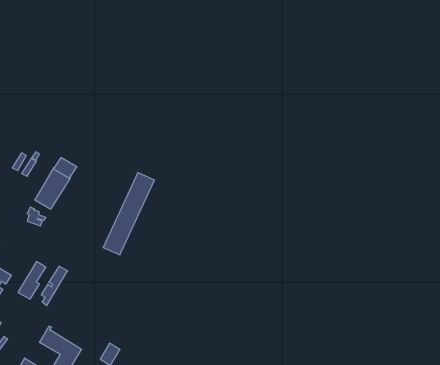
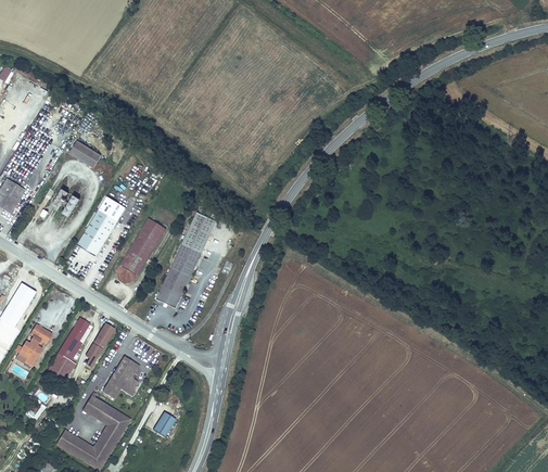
building: none -> [69,141,101,169]
building: none -> [116,218,166,284]
building: none -> [47,353,76,381]
building: none -> [102,356,140,398]

